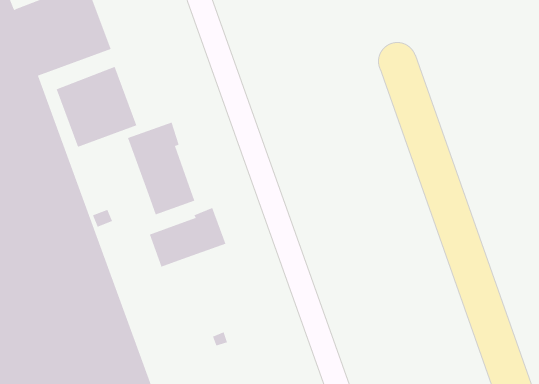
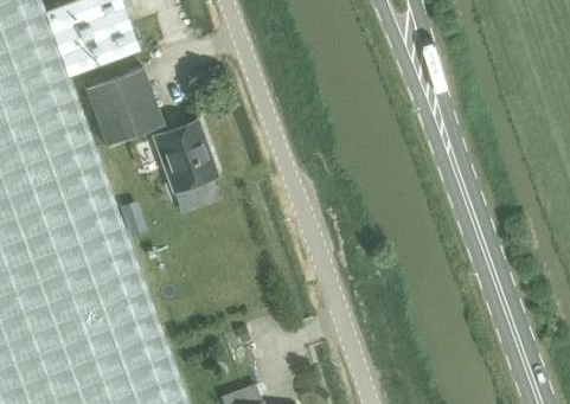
building: [149,207,226,268] -> none

